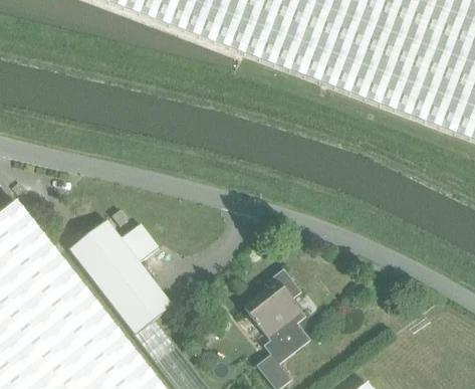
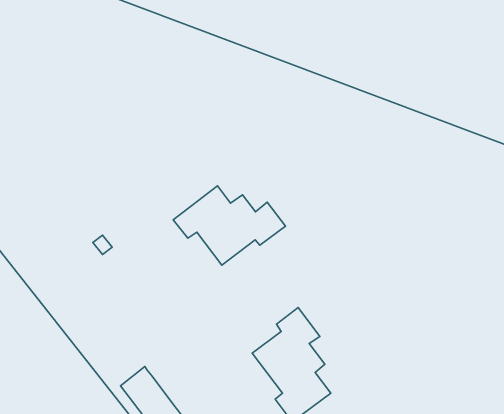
building: none -> [173,186,285,265]
building: [68,219,173,335] -> none

